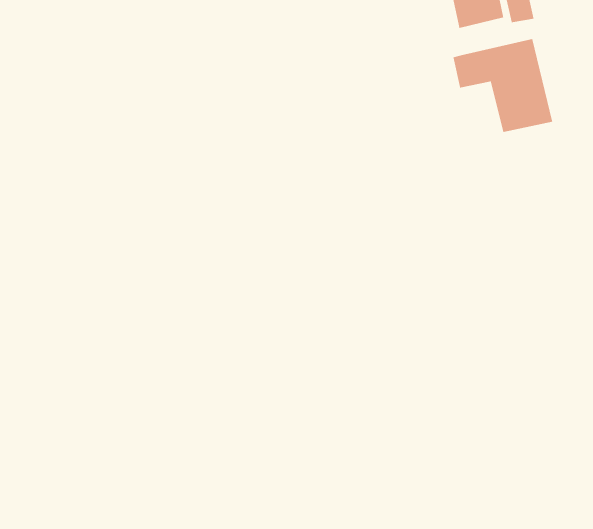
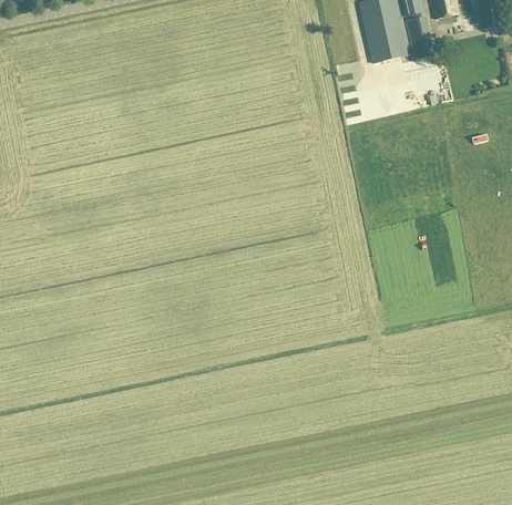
building: [453,38,553,133] -> none

